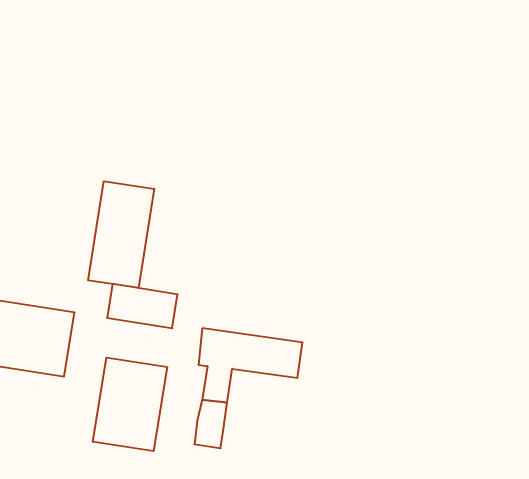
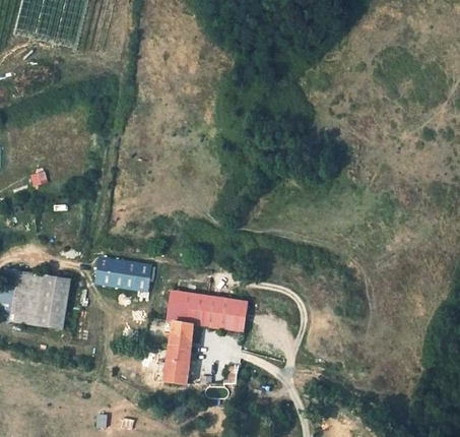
building: [88,181,154,288] -> none
building: [93,358,167,451] -> none

